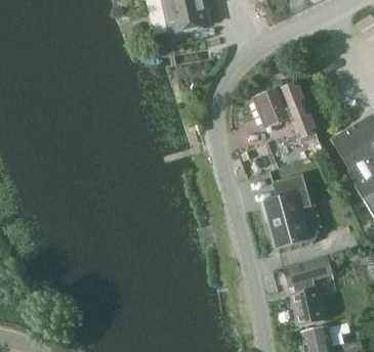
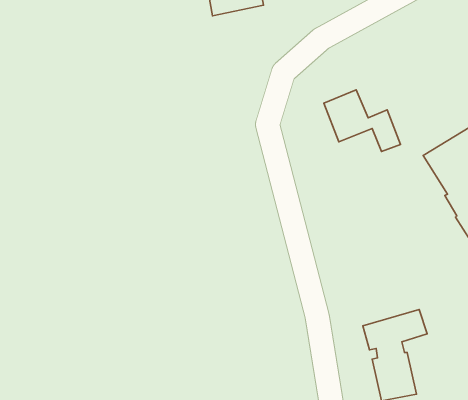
building: [268,174,311,248] -> none

